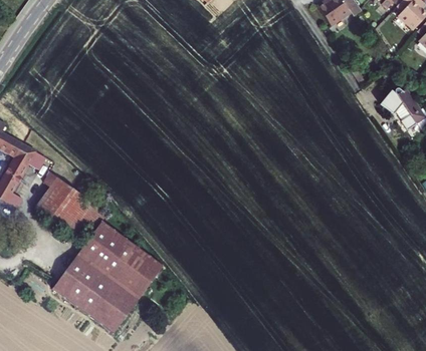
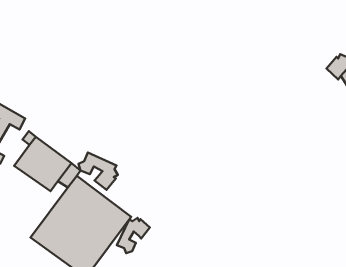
building: none -> [78,153,118,190]
building: none -> [117,218,150,253]

